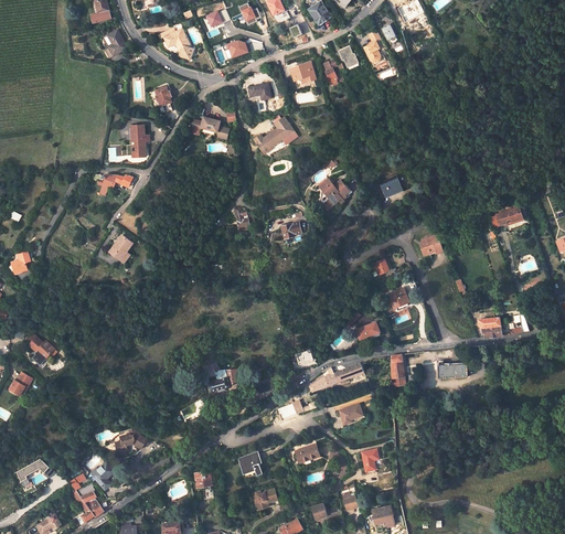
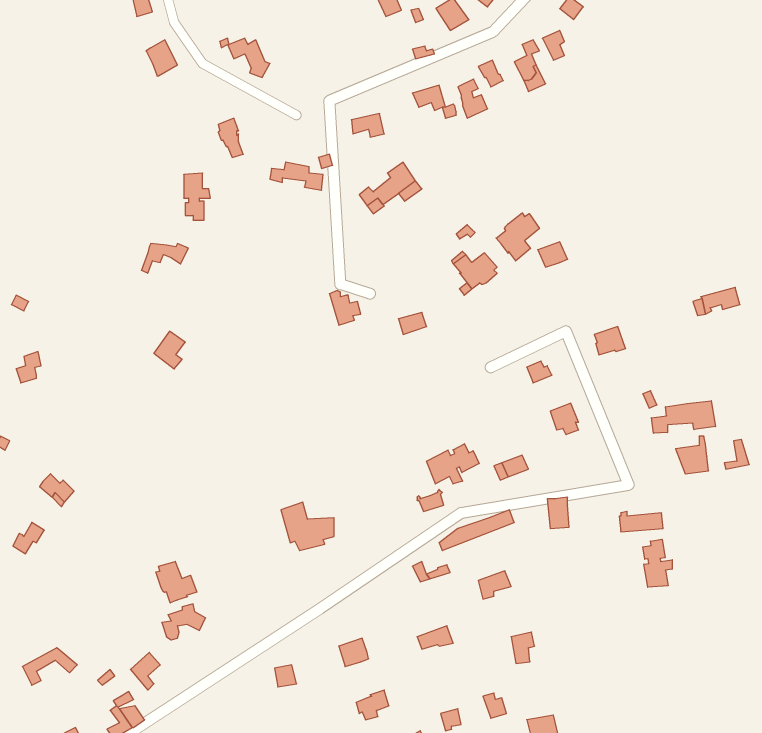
building: none -> [496,213,539,261]
building: none -> [651,401,715,433]
building: none -> [426,444,479,484]
building: none -> [643,539,672,587]
building: none -> [156,561,197,603]

